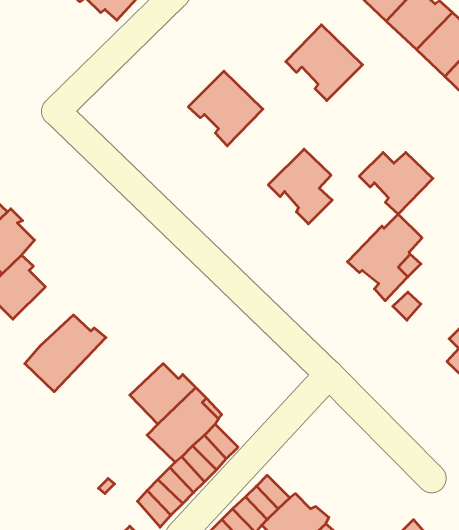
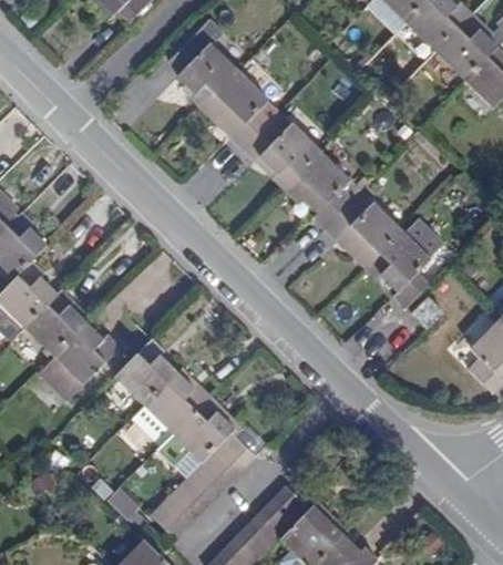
building: none -> [170,19,239,110]
building: [286,25,363,101] -> [243,112,321,189]
building: [359,152,433,214] -> [326,205,401,268]
building: none -> [23,289,85,355]
building: none -> [115,338,177,404]

